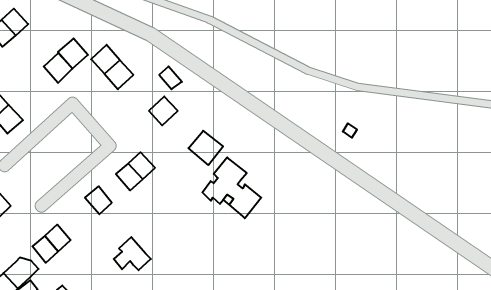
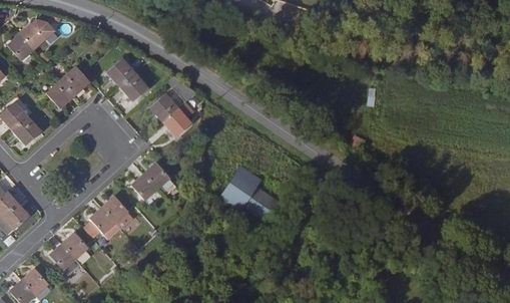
building: [58,38,88,68] -> [46,78,75,107]
building: none -> [150,92,178,121]
building: [188,131,223,165] -> none
building: [114,237,151,270] -> [84,206,120,238]

